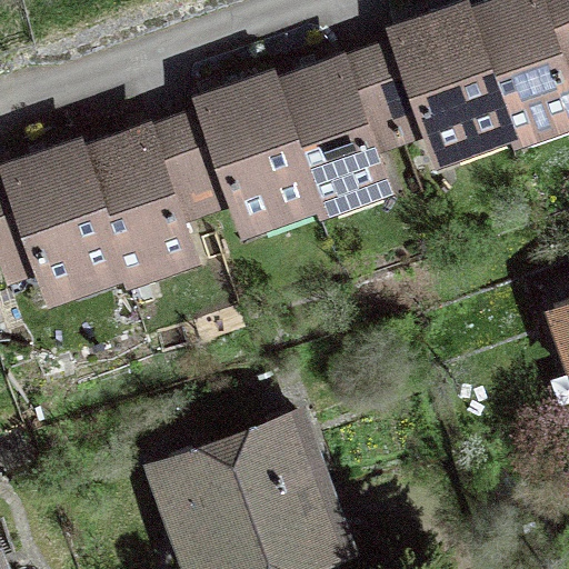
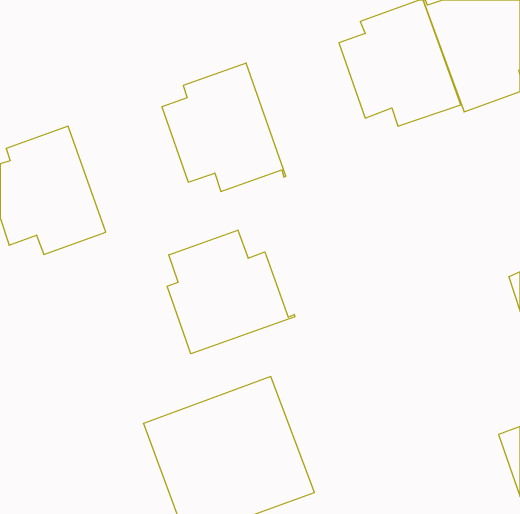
building: [269,53,399,199] -> none
building: [78,123,206,269] -> none
building: none -> [167,230,295,354]

